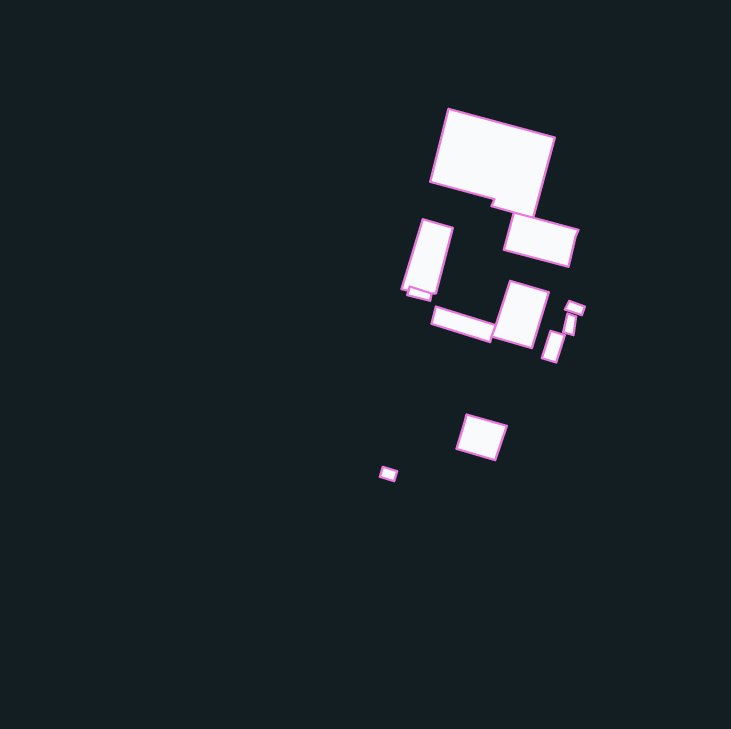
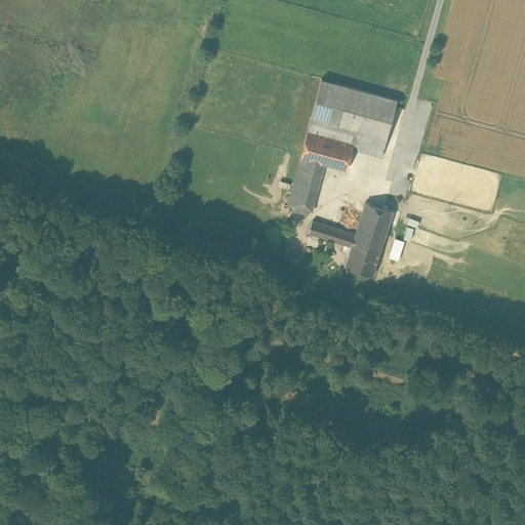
building: [504,213,578,267] -> [301,132,355,171]
building: [457,414,507,460] -> [346,243,381,276]

